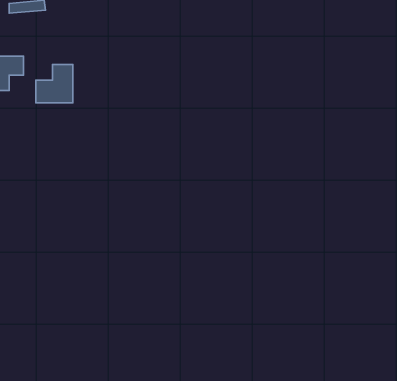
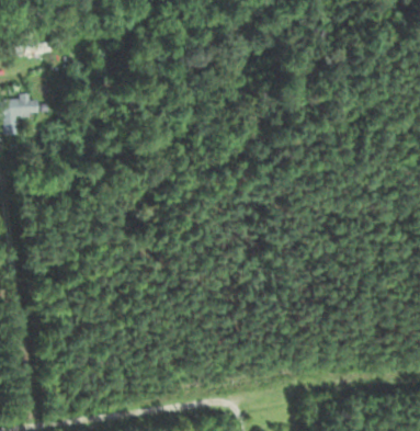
building: [36,65,73,103] -> none

